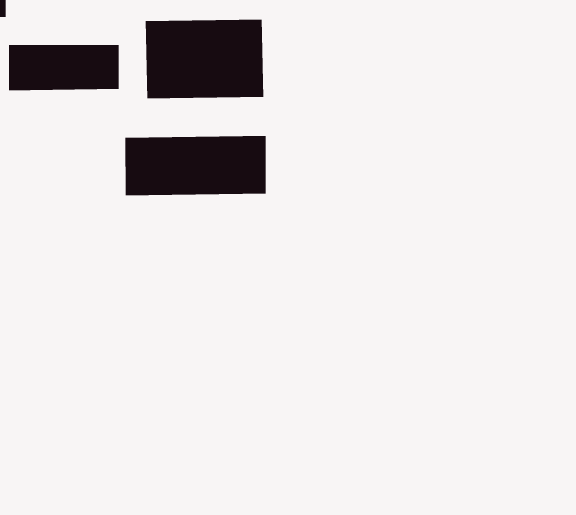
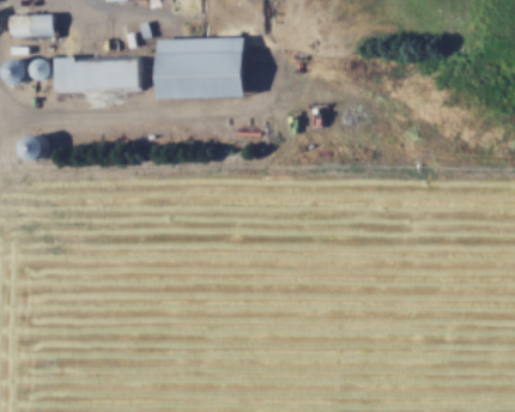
building: [125,135,266,196] -> none

